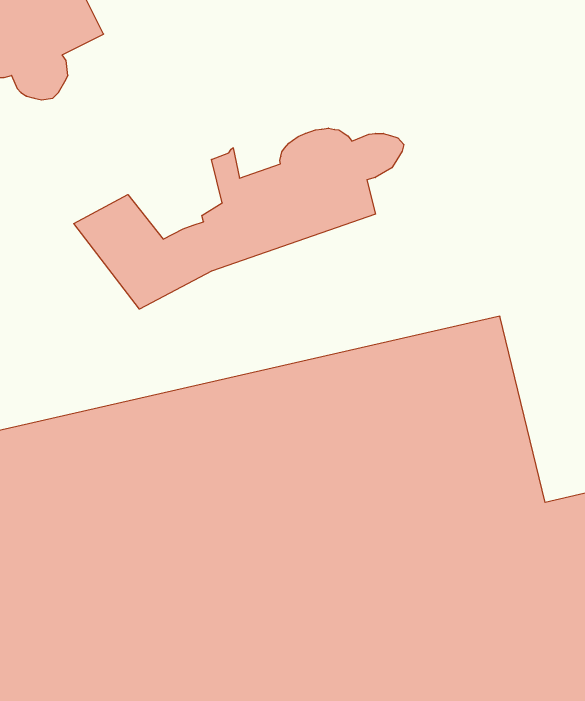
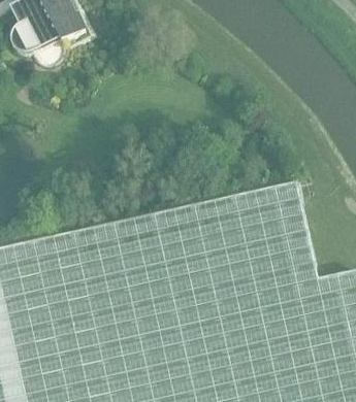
building: [74,128,404,309] -> none

